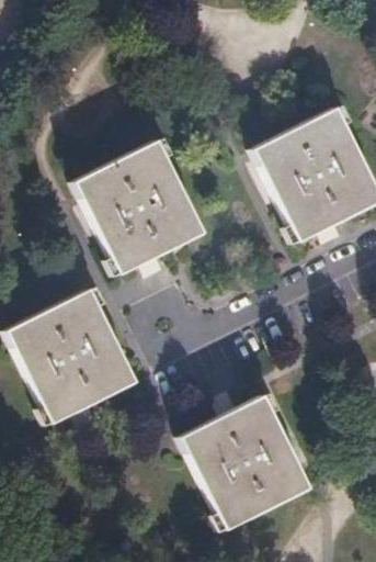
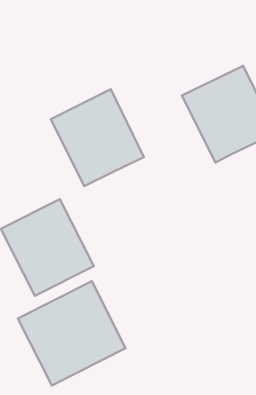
building: [182,396,310,528] -> none
building: none -> [18,281,126,386]

